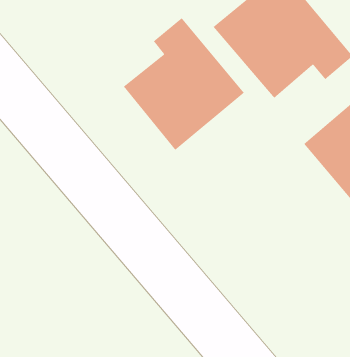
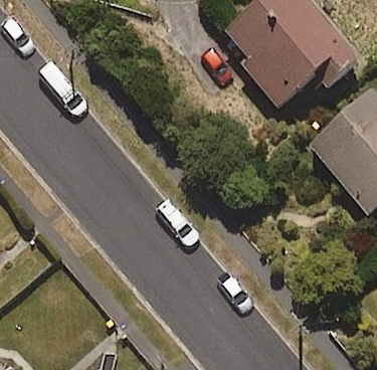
building: [123,17,245,151] -> none

